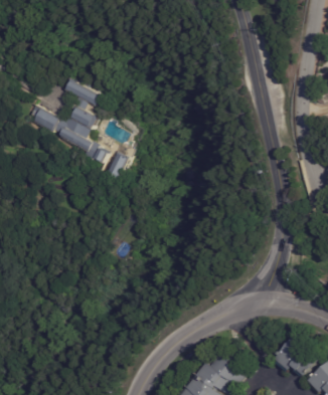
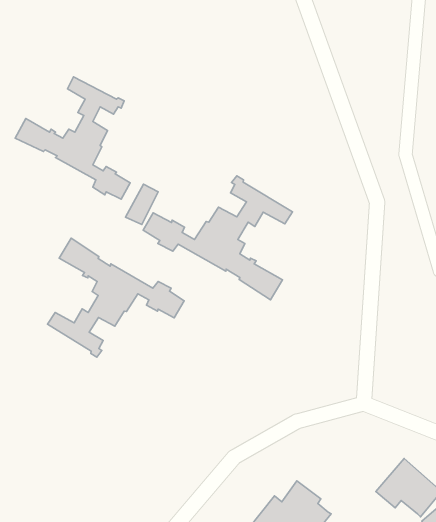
building: none -> [143,176,293,300]
building: none -> [47,238,184,357]

